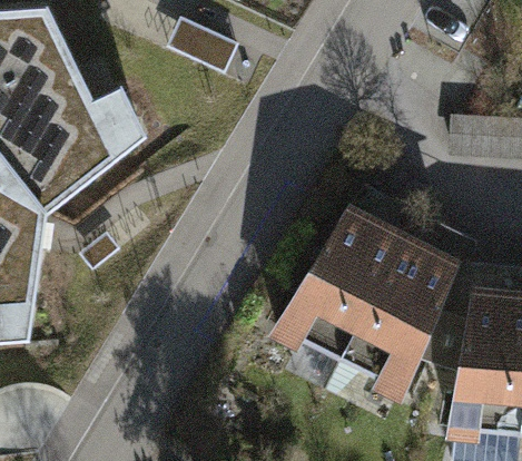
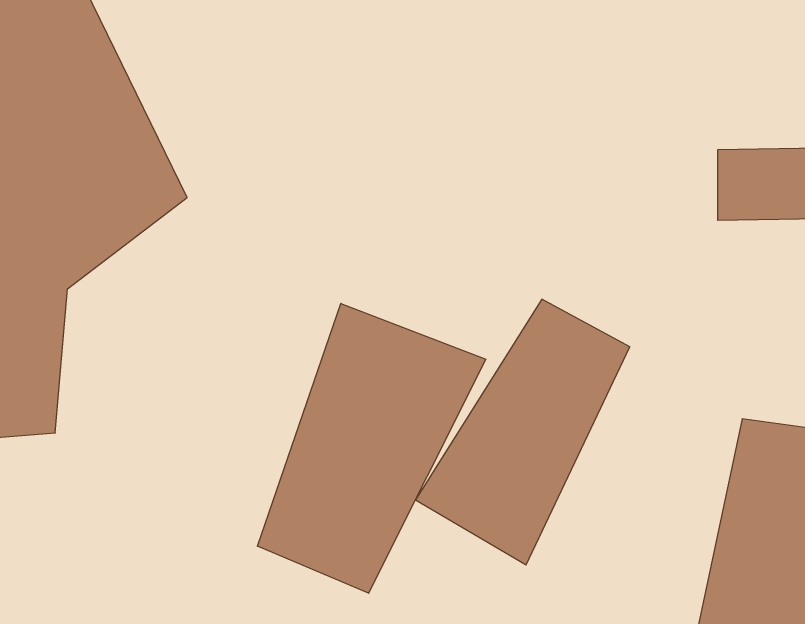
building: none -> [257,303,486,593]
building: [335,243,462,411] -> none

